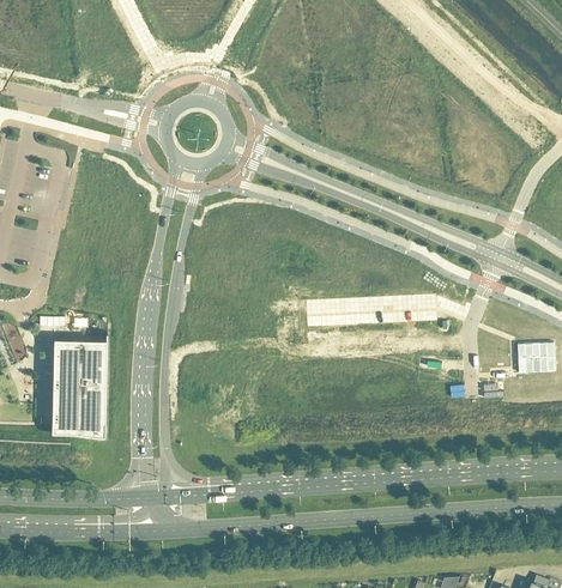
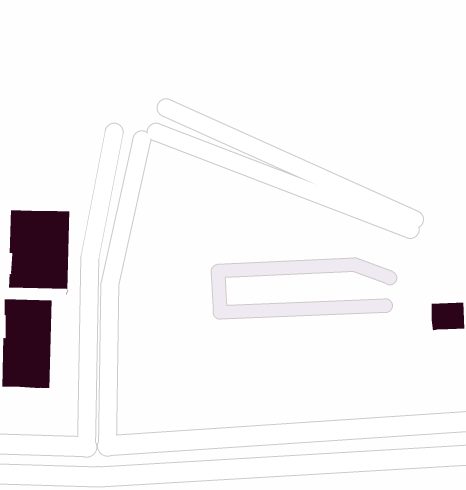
building: none -> [8,209,70,295]

